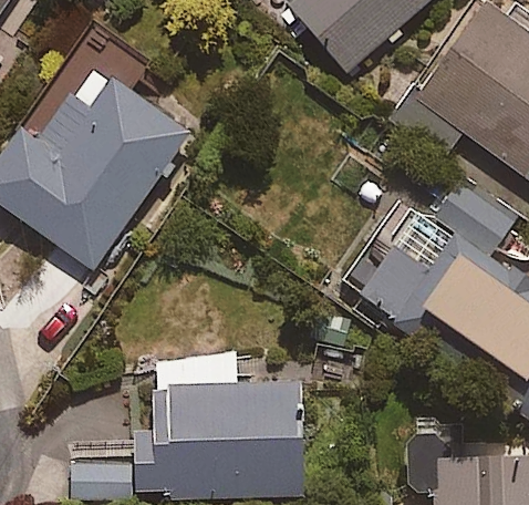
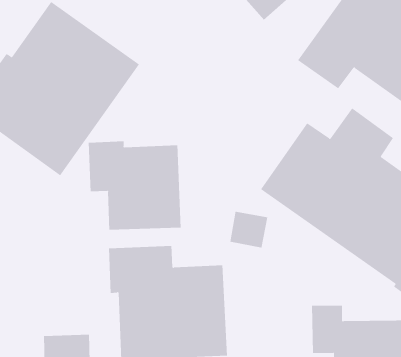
building: none -> [88,141,181,231]

